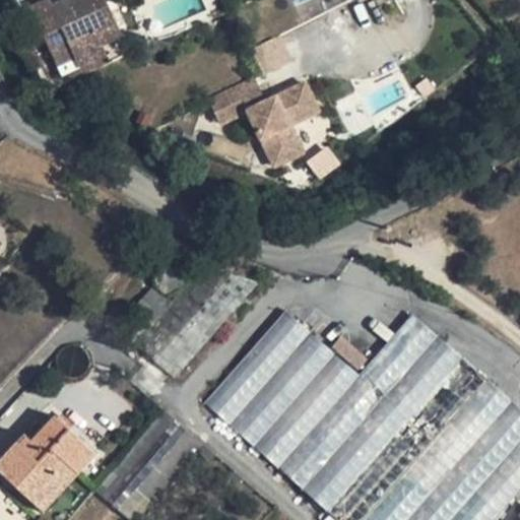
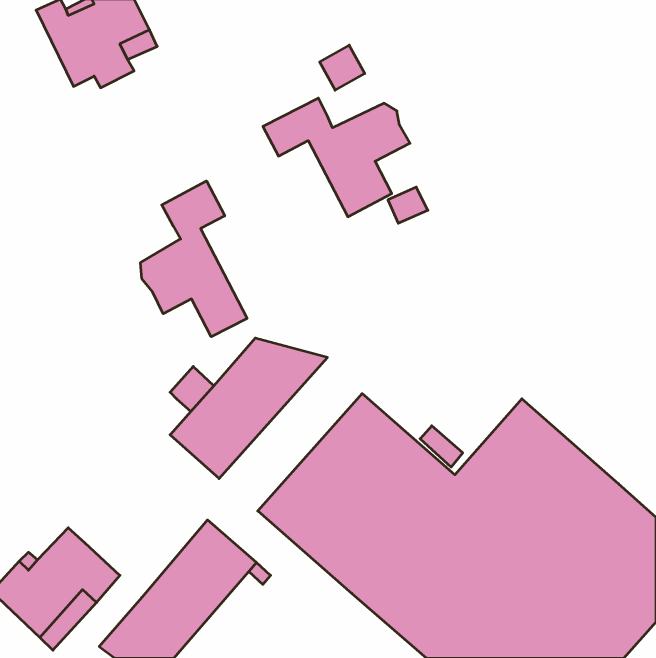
building: none -> [141,181,247,337]

